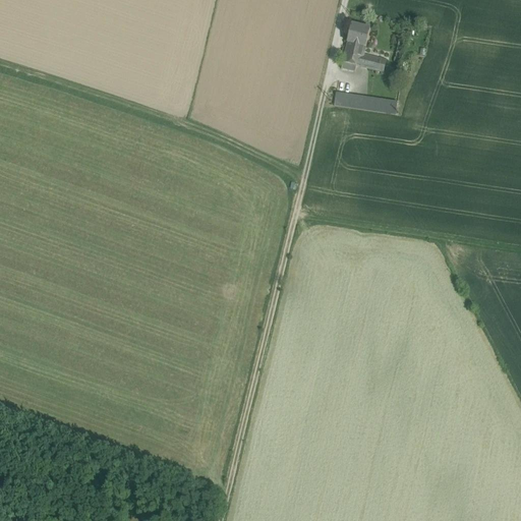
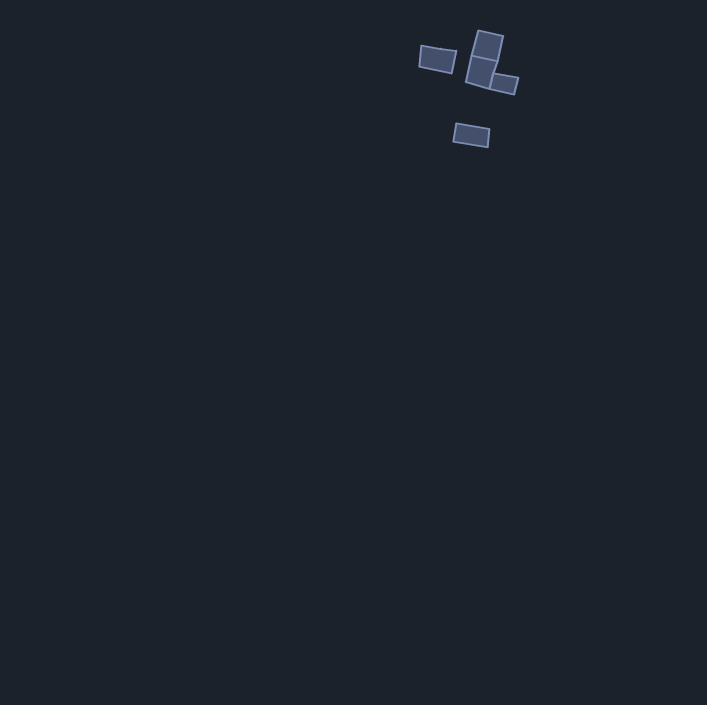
building: none -> [419,46,456,74]
building: [358,95,397,113] -> none

